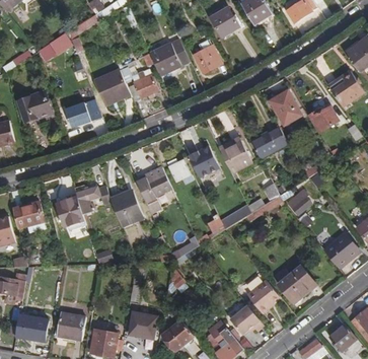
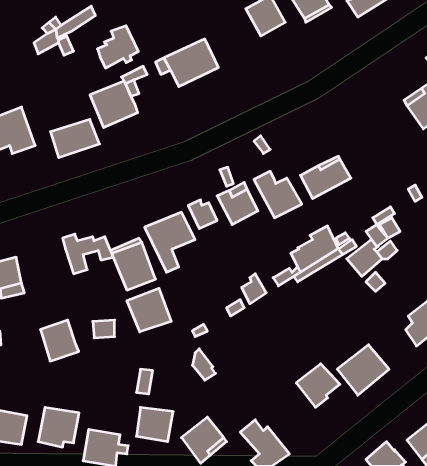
building: [194,40,221,73] -> none
building: [128,71,158,102] -> [97,26,138,68]
building: [271,92,301,125] -> none
building: [308,106,338,132] -> none
building: [56,196,84,226] -> [40,320,79,361]
building: none -> [127,288,171,332]
building: [229,304,263,334] -> none

